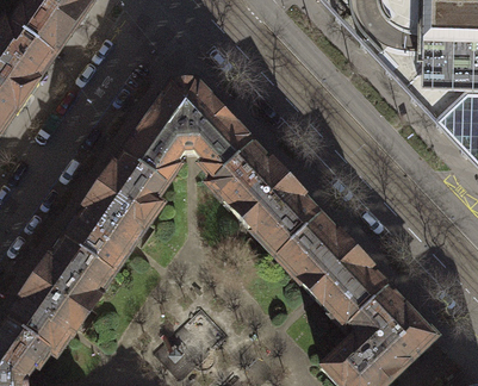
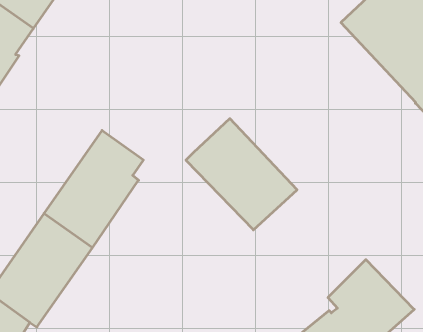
building: [123,71,252,181] -> none
building: [275,211,389,324] -> none

